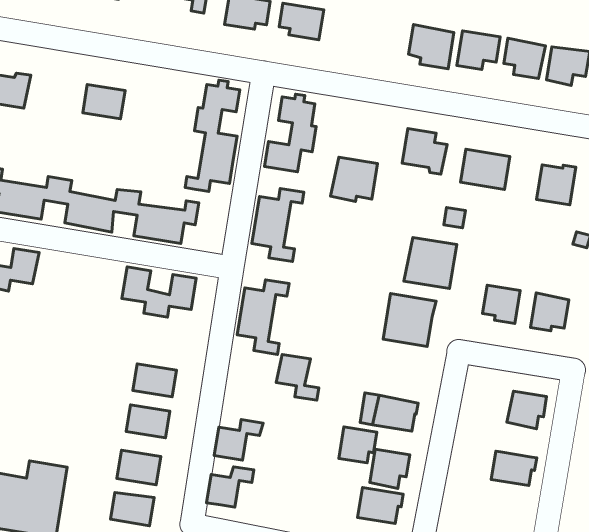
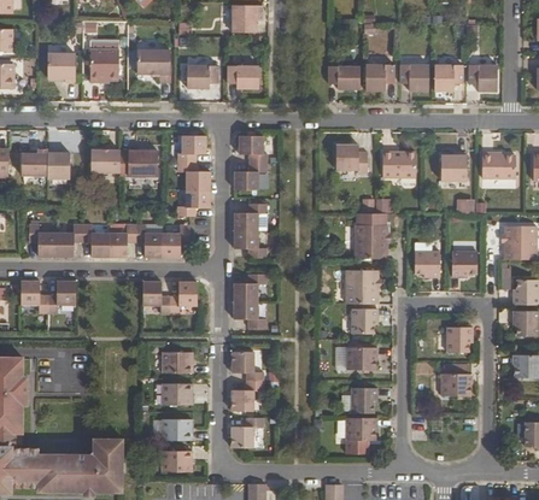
building: none -> [47,149,70,178]
building: none -> [121,149,158,176]
building: [330,157,378,202] -> none
building: [276,354,319,400] -> [232,351,264,381]
building: [339,427,377,463] -> [352,308,377,333]

